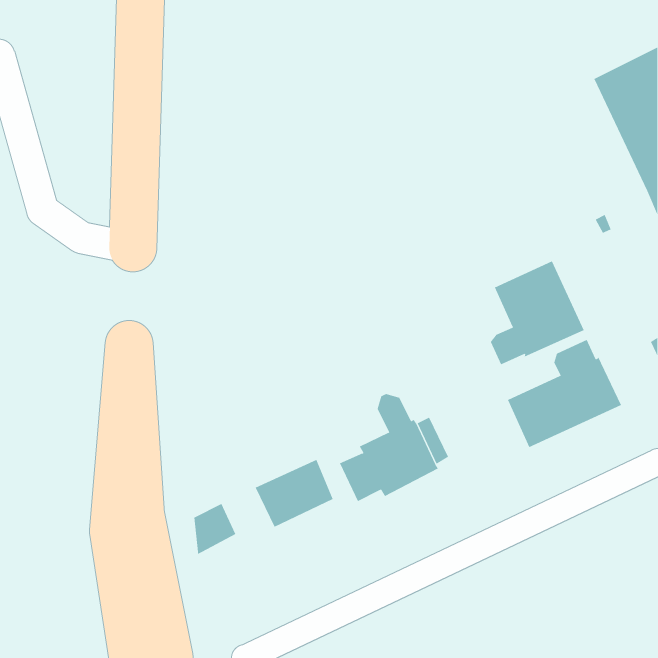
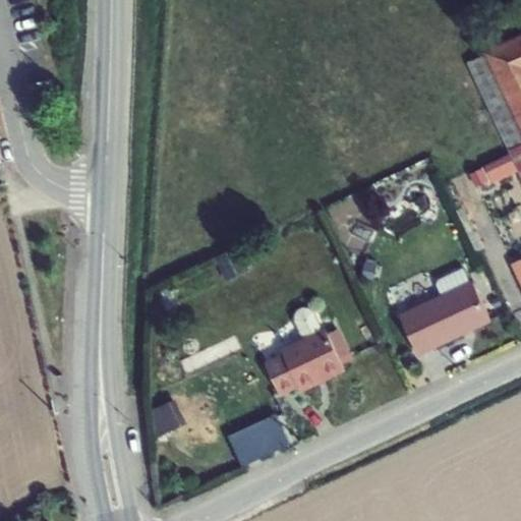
building: [490,261,584,365] -> none
building: [255,459,333,527] -> [228,411,290,465]

